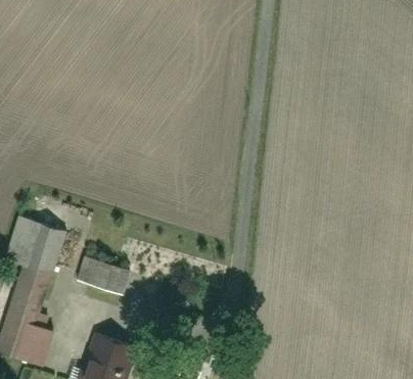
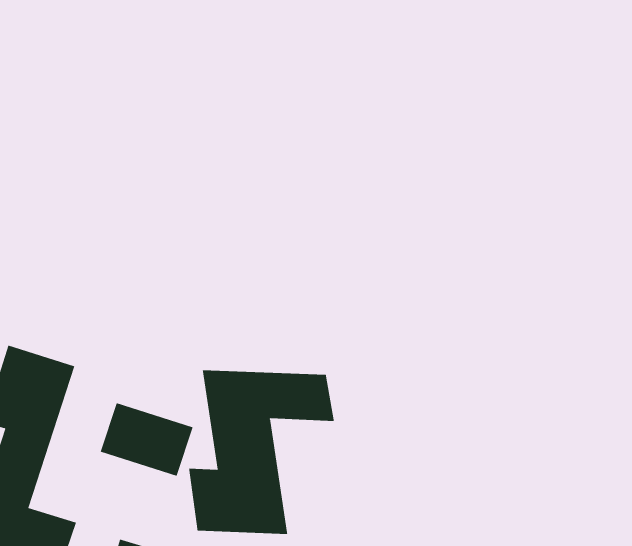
building: none -> [188,370,334,535]

